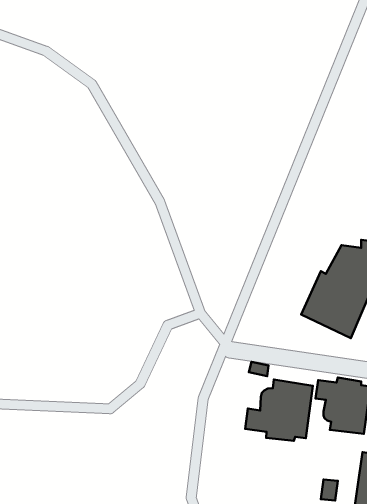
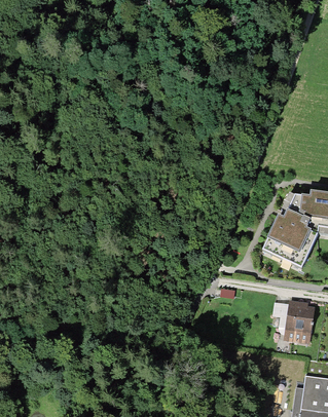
building: [245,379,313,441] -> none

